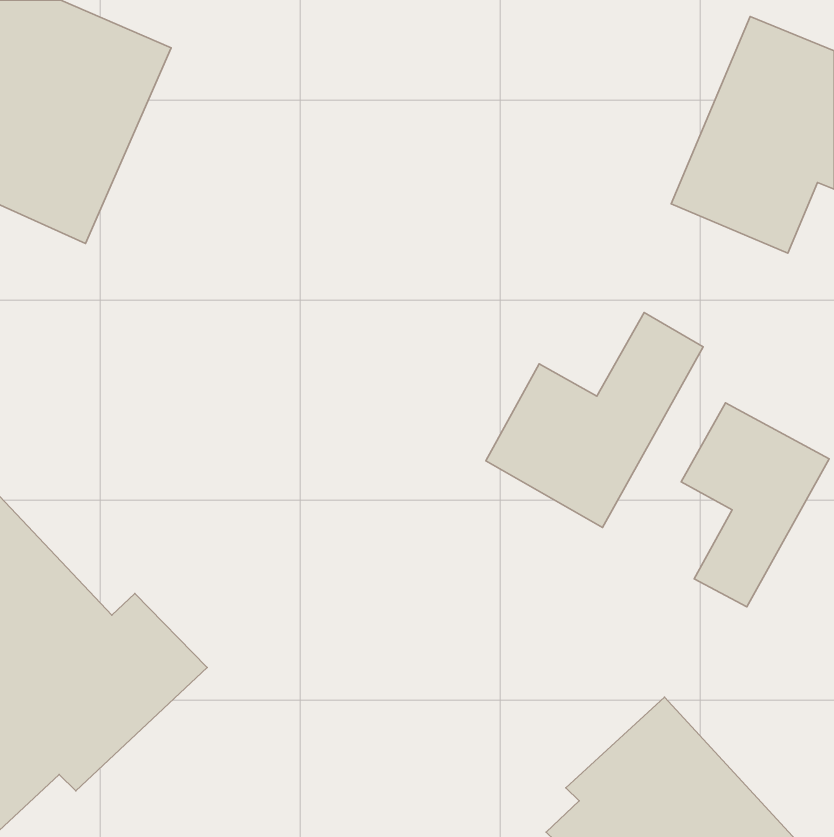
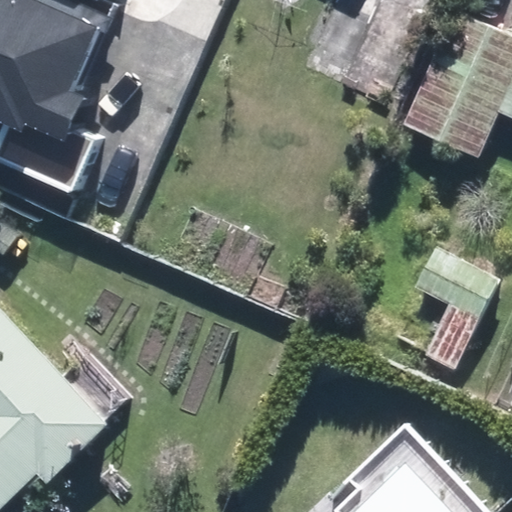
building: [486,312,703,528] -> none

